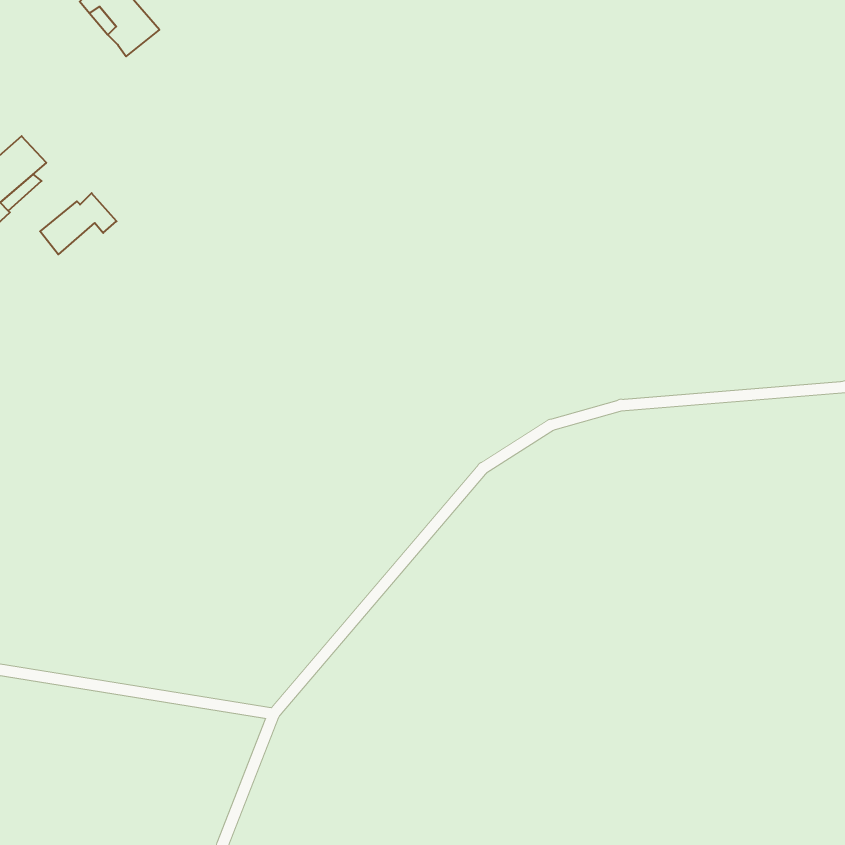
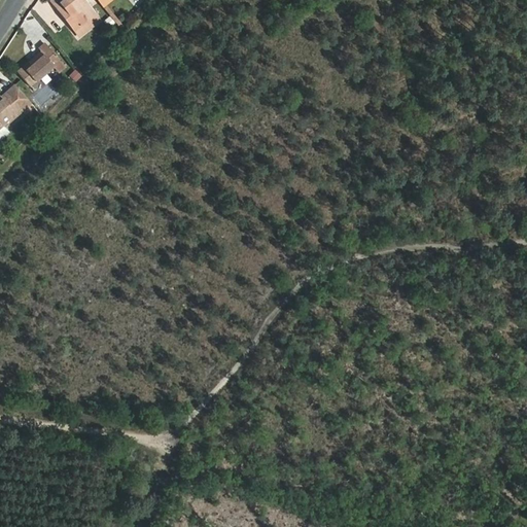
building: [40,193,117,254] -> [16,46,64,84]

